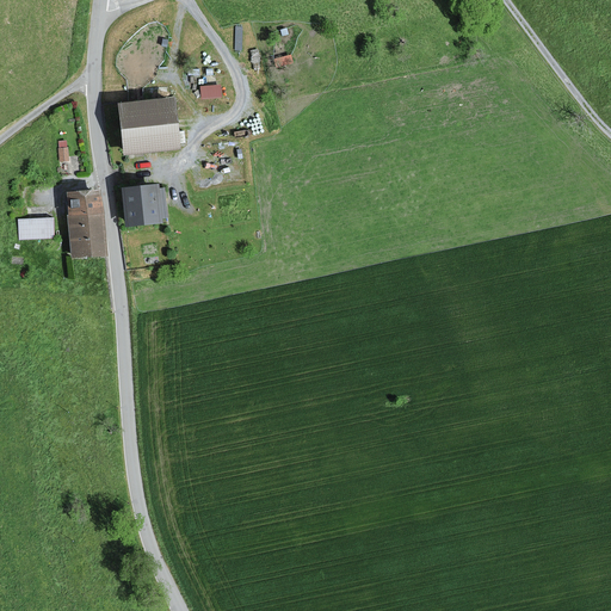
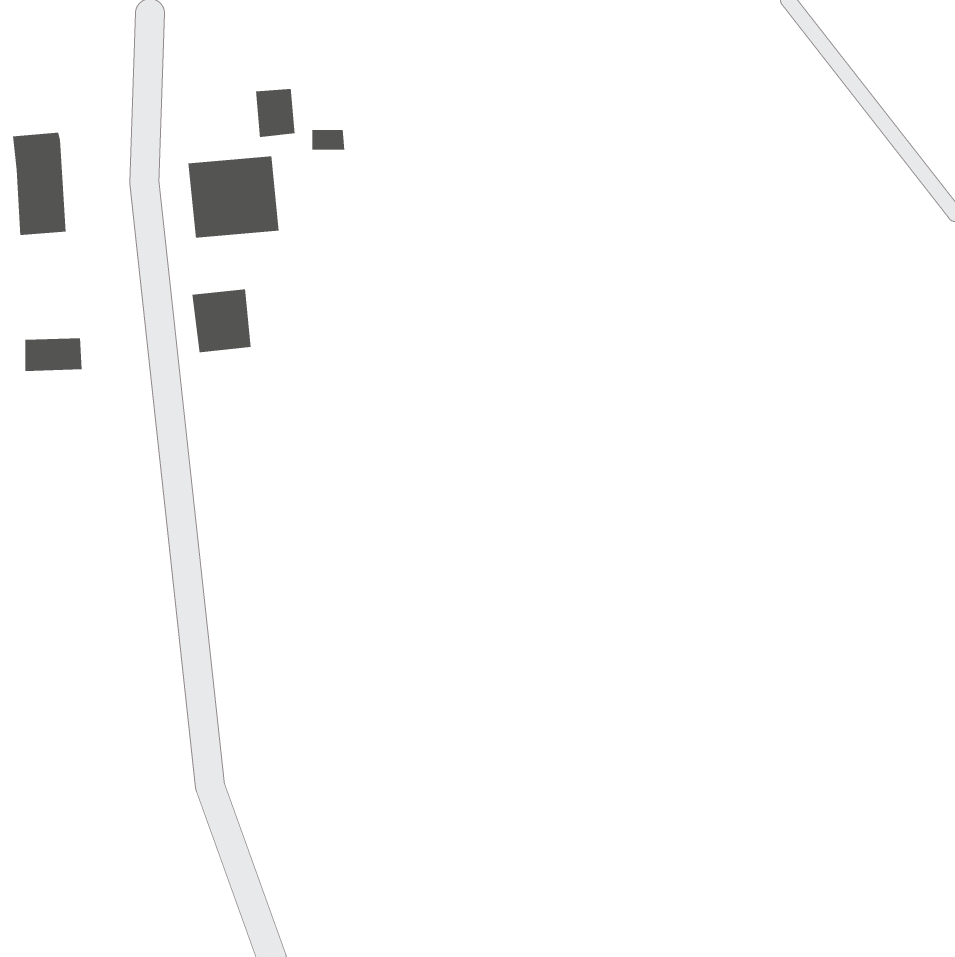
building: none -> [255,88,295,138]
building: [68,192,103,258] -> [12,132,67,235]

